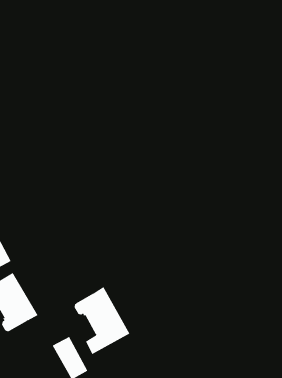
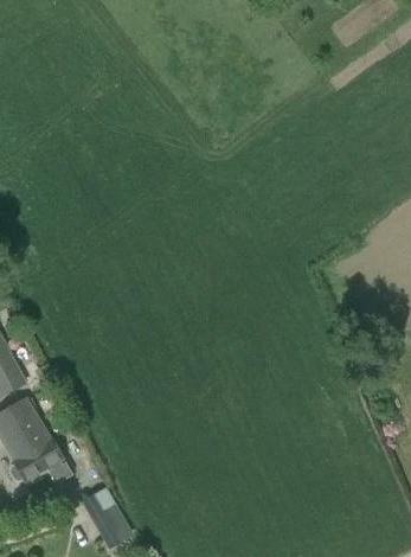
building: [74,286,130,355] -> none

